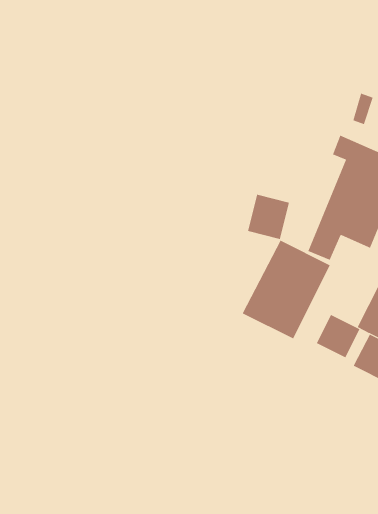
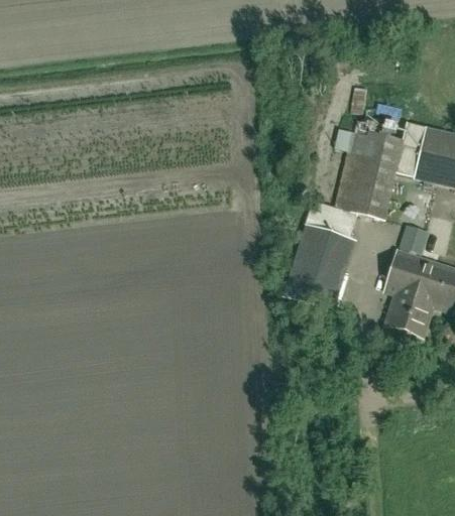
building: [248,194,290,240] -> none
building: [316,314,360,358] -> none

